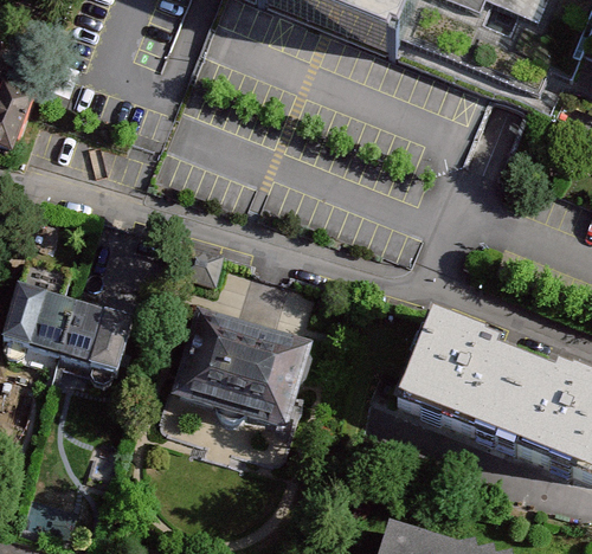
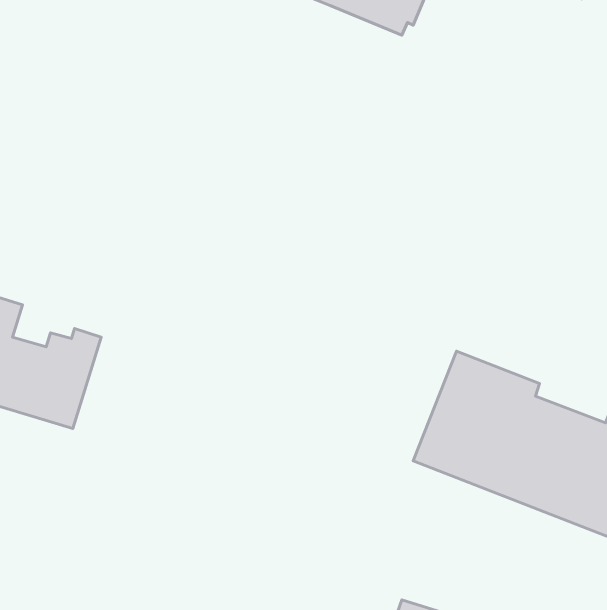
building: [168,309,313,433] -> none

